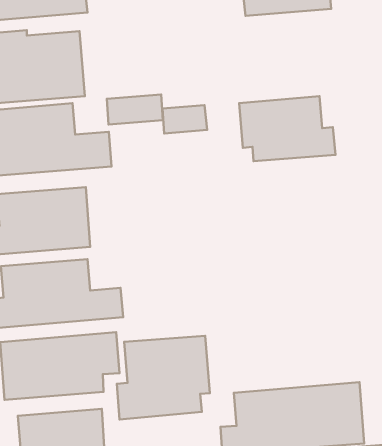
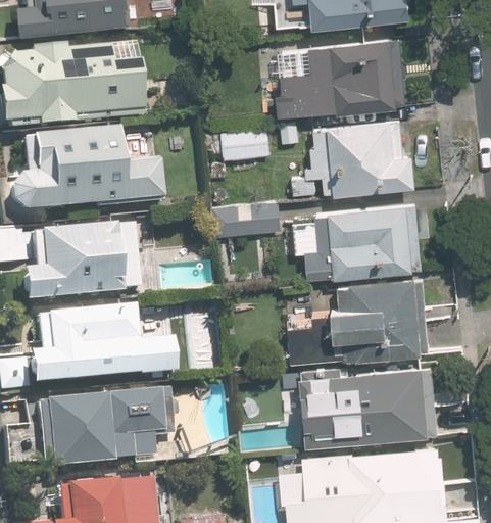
building: none -> [276,37,408,116]
building: [107,94,163,125] -> [216,201,281,236]
building: none -> [303,203,423,279]
building: none -> [290,277,431,362]
building: none -> [303,365,441,445]
building: [117,336,210,419] -> none

